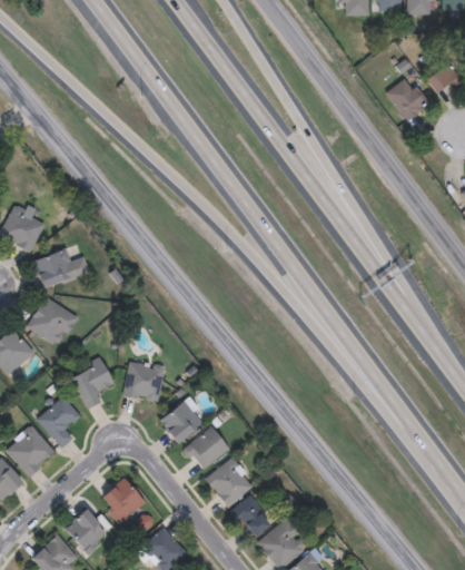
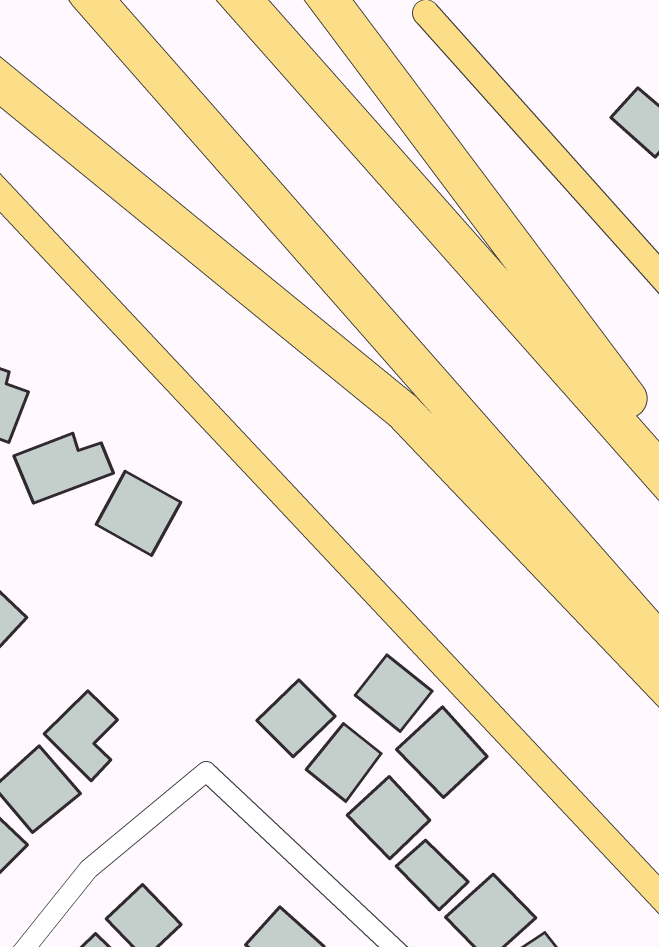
building: [28,297,77,346] -> [96,471,181,555]
building: [72,362,112,410] -> none
building: [123,362,165,402] -> none
building: none -> [355,655,432,732]
building: none -> [397,707,487,798]
building: [100,478,145,522] -> none

